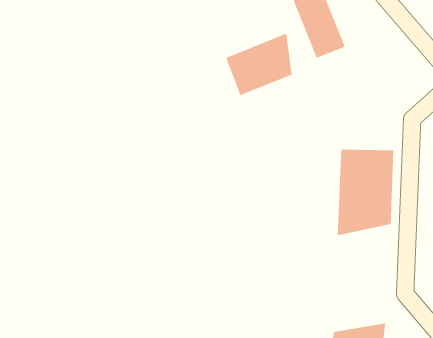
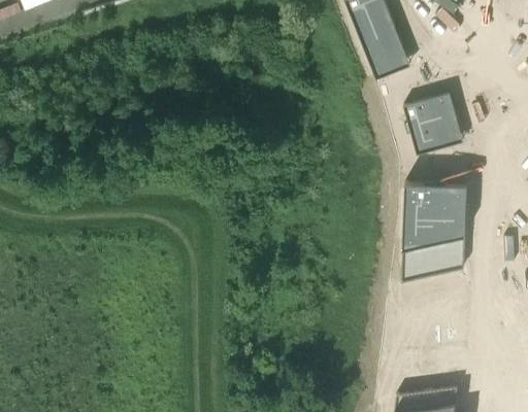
building: [225,32,293,96] -> none
building: none -> [403,90,464,152]

